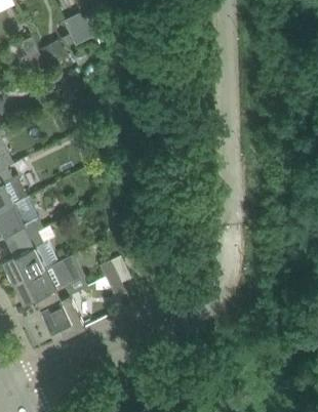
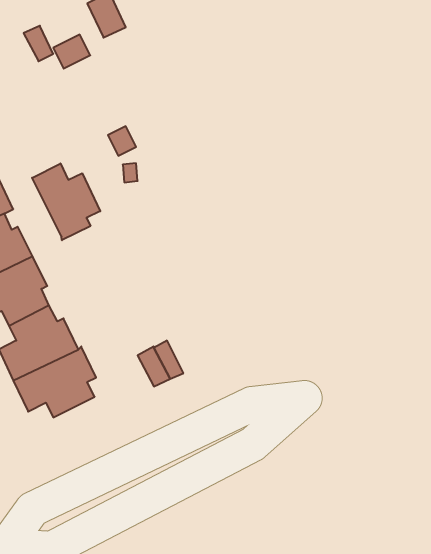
building: none -> [32,163,100,240]
building: [41,293,85,336] -> none

